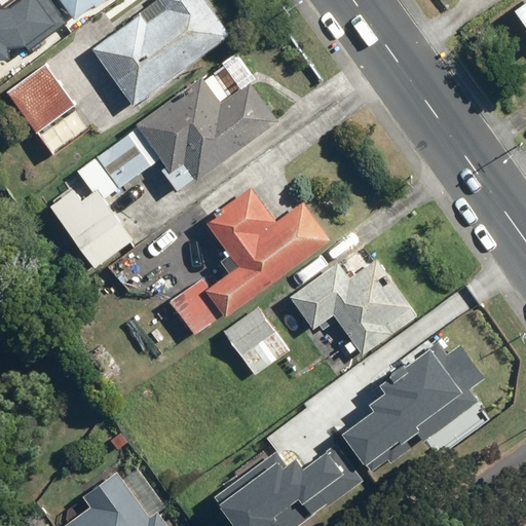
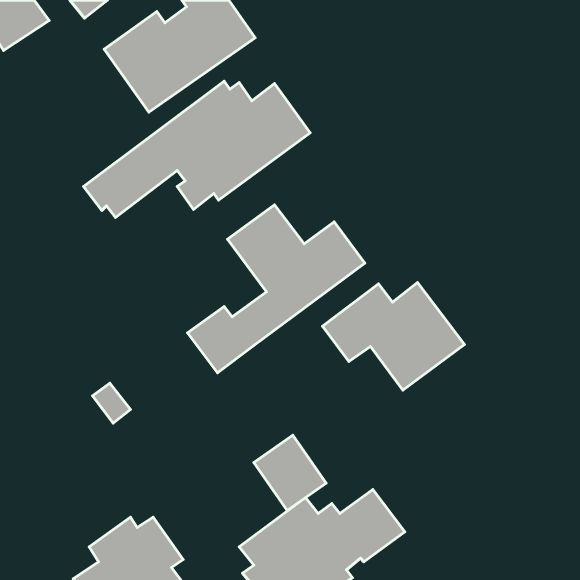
building: [4,66,87,158] -> none
building: [49,189,134,267] -> none
building: [224,308,289,376] -> [254,435,326,511]
building: [343,344,482,474] -> none

